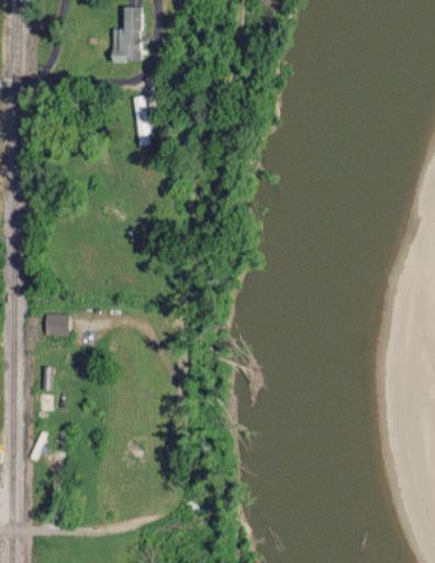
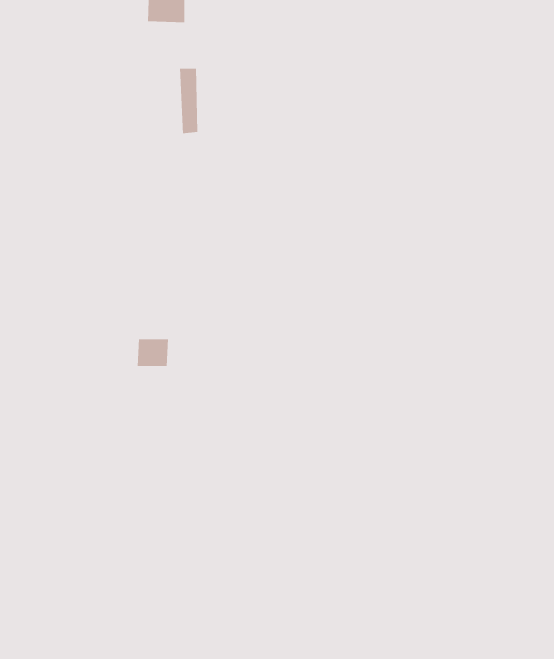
building: [45,313,69,334] -> [137,339,169,366]

